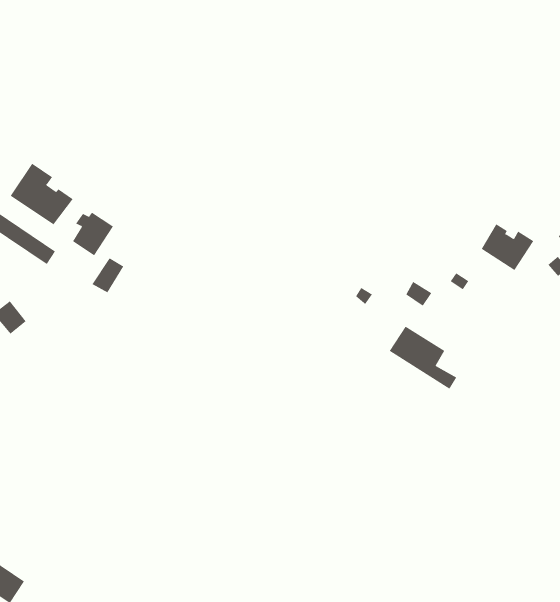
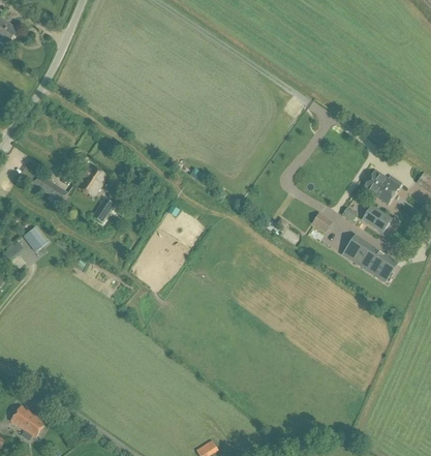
building: [10,163,73,225] -> none
building: none -> [363,207,391,234]
building: [389,326,457,389] -> [341,236,389,280]

